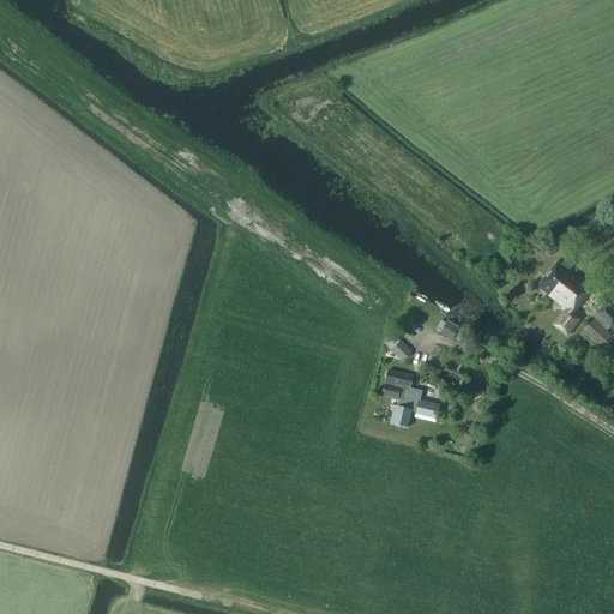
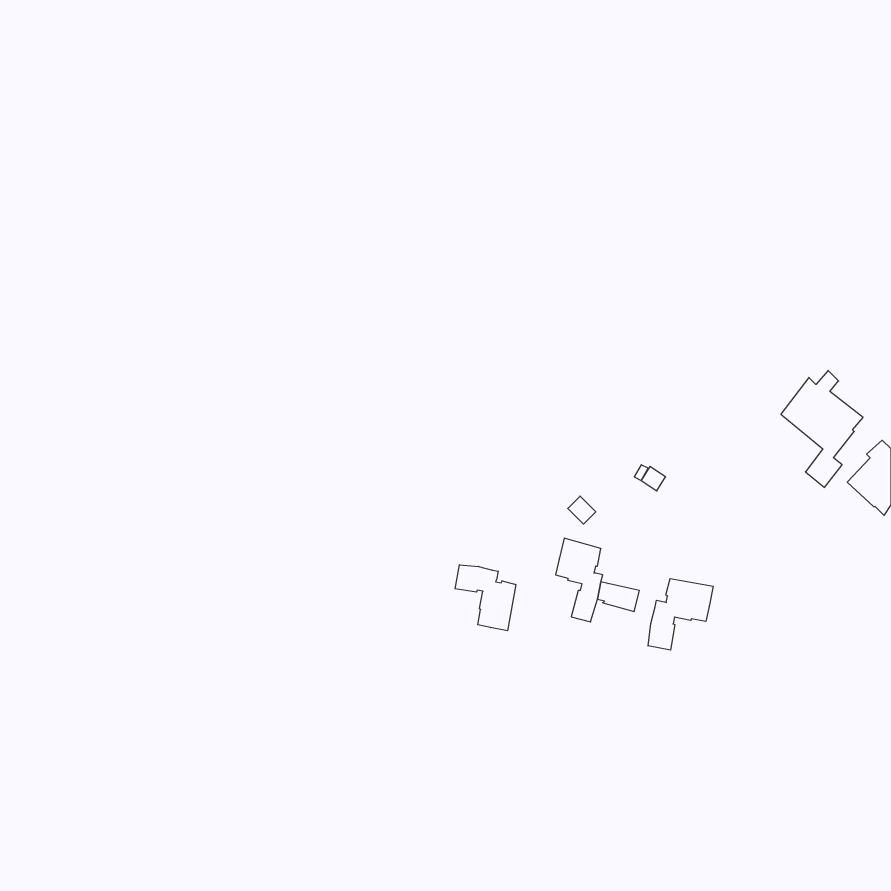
building: none -> [455,565,516,631]
building: none -> [648,579,713,650]

